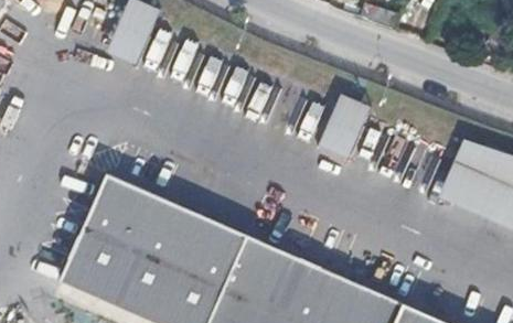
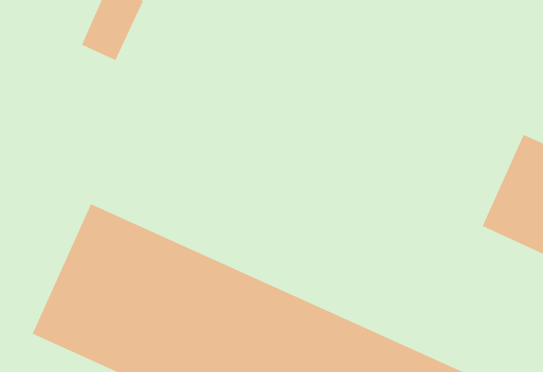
building: [319,93,370,152] -> none

